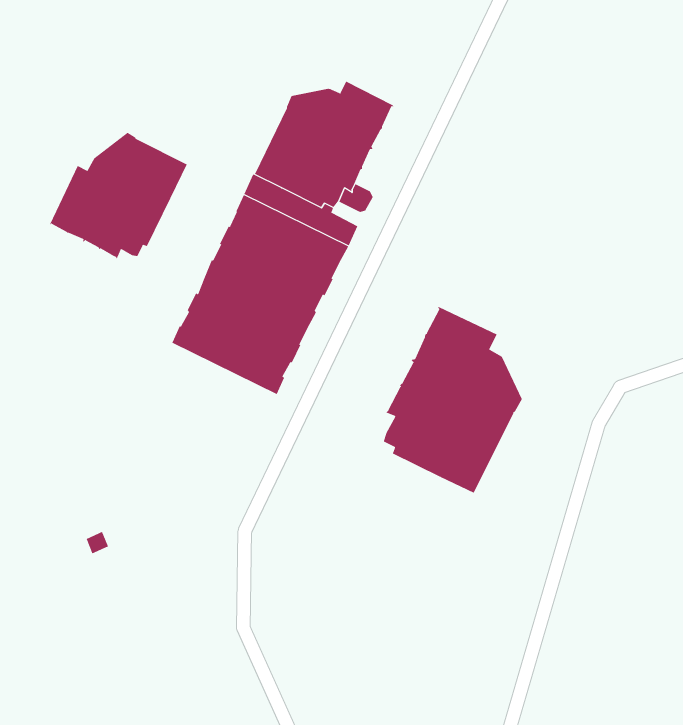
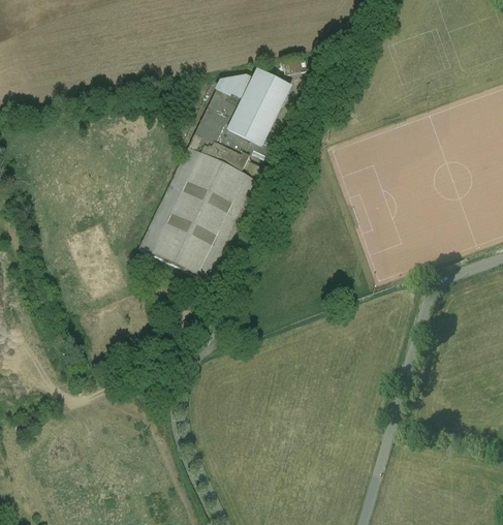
building: [49,132,188,260] -> none
building: [383,306,523,494] -> none

